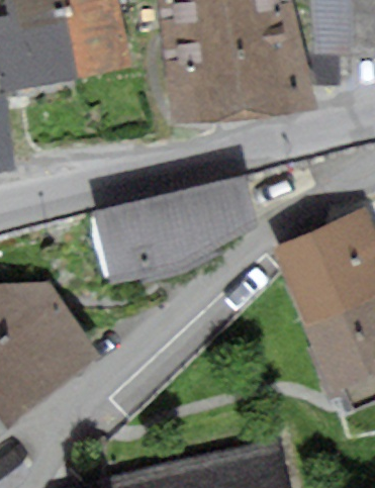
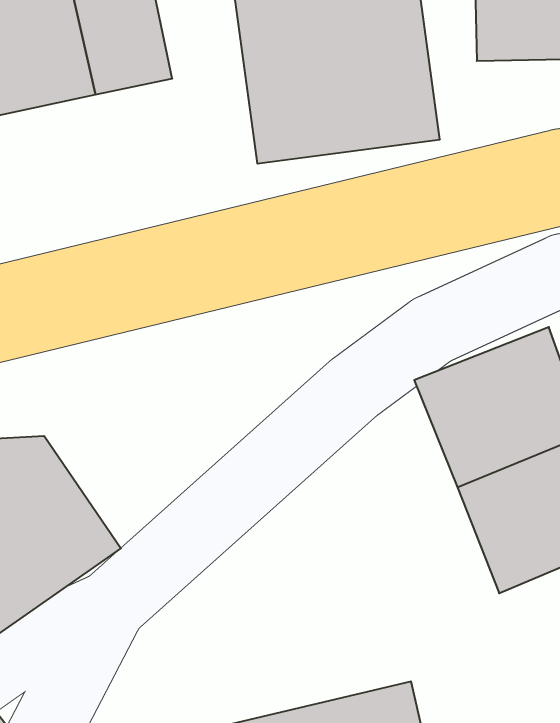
building: [99,184,249,278] -> none

